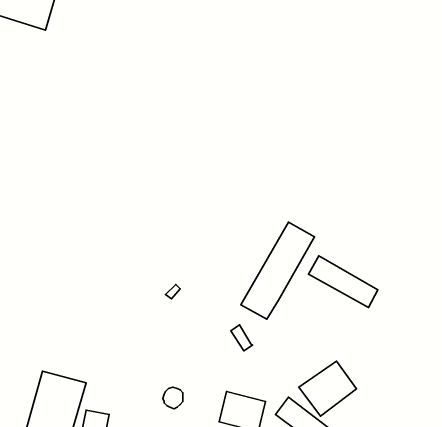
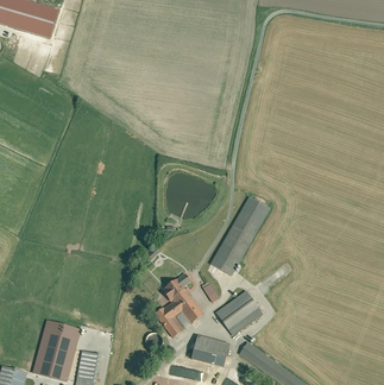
building: [308,256,378,307] -> none
building: none -> [155,272,204,337]
building: [299,361,357,416] -> [215,290,263,335]

